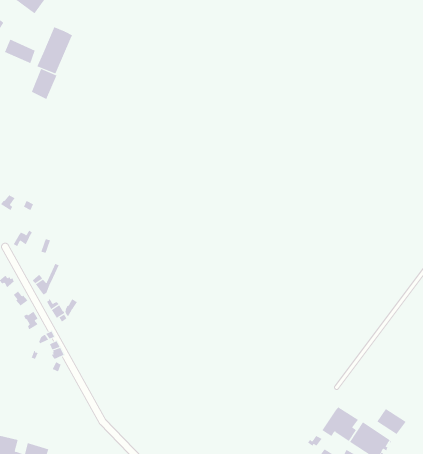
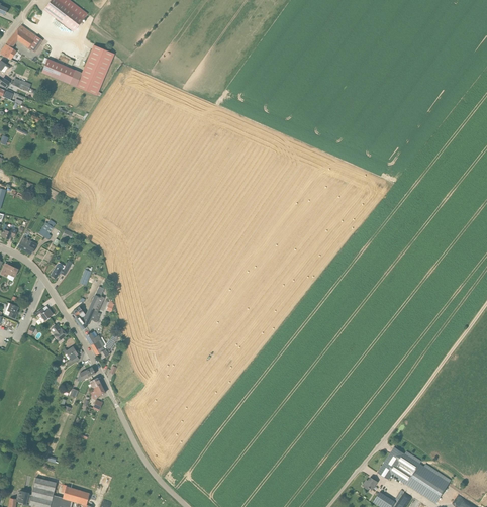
building: [31,68,57,100] -> none
building: [377,408,406,435] -> none

